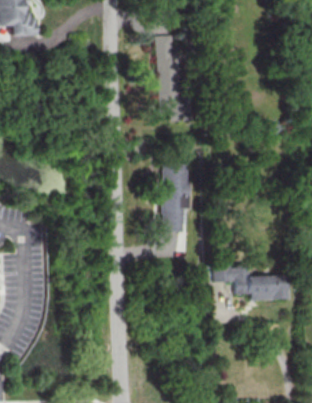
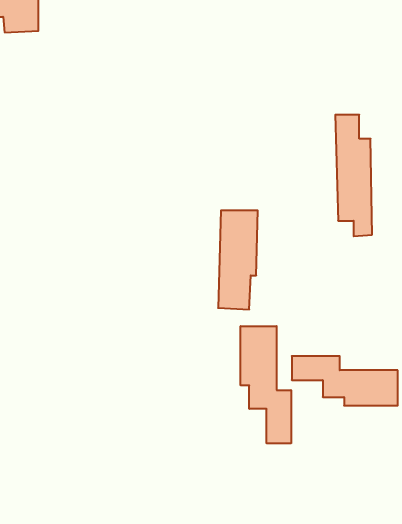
building: [157,35,183,121] -> [335,115,372,236]
building: none -> [241,326,291,443]

